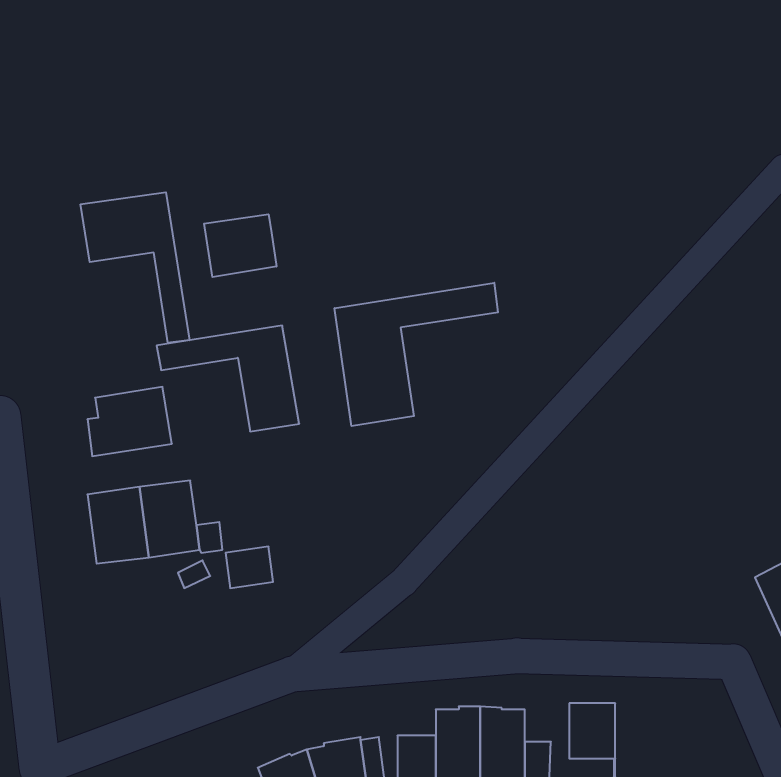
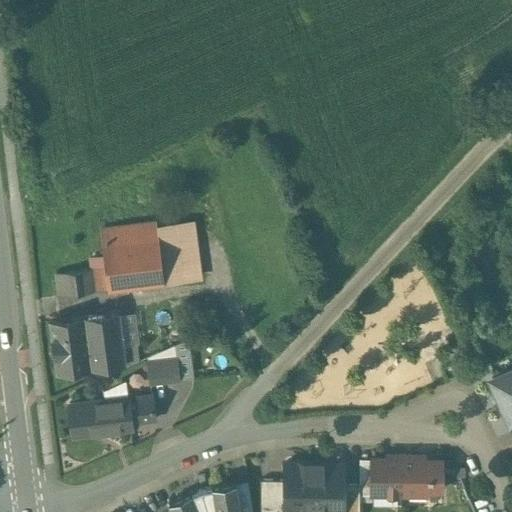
building: [81,192,189,343] -> none
building: [204,214,276,277] -> none
building: [335,283,498,426] -> none
building: none -> [107,238,165,294]
building: none -> [71,400,155,439]
building: none -> [403,463,442,499]

